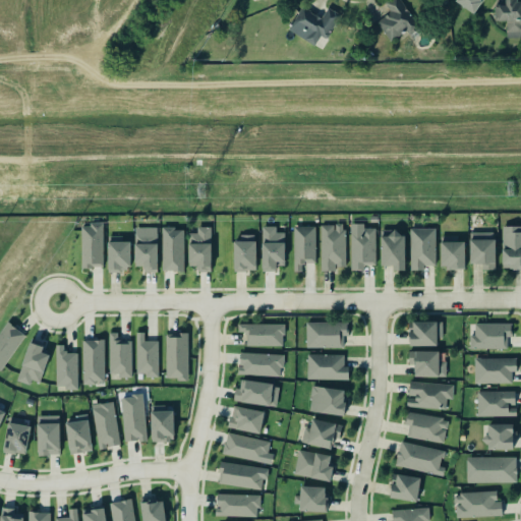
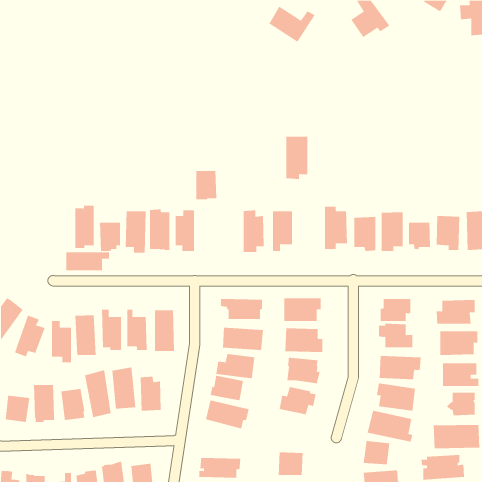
building: [322,226,346,273] -> [286,136,308,180]
building: [233,239,256,271] -> [195,171,217,200]
building: none -> [66,251,110,271]
building: [294,450,332,480] -> none
building: [220,463,268,491] -> none

